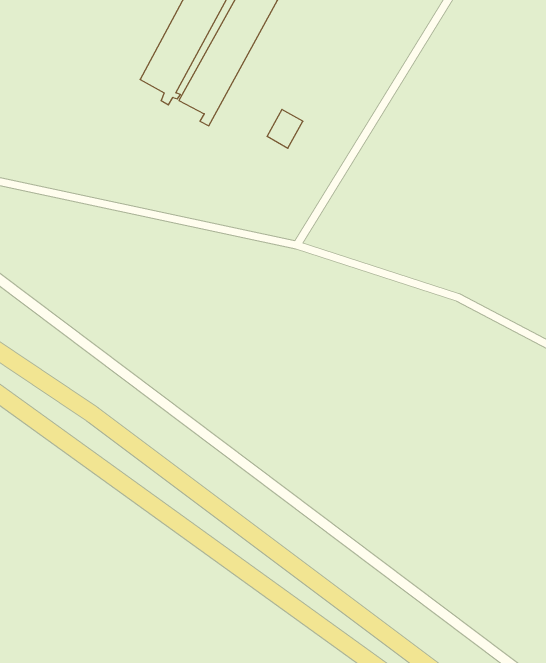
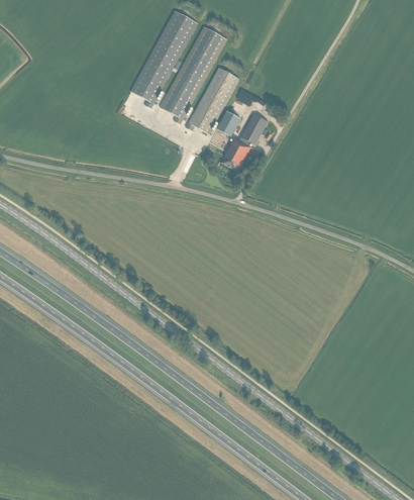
building: none -> [185,66,238,133]
building: none -> [220,112,268,170]

